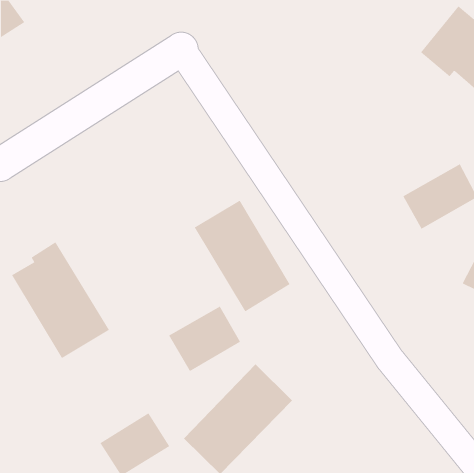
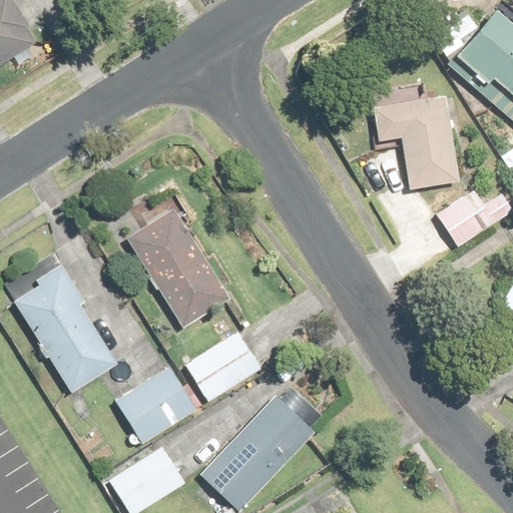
building: none -> [370,95,461,189]
building: [194,200,290,312] -> [125,207,229,329]
building: none -> [113,365,196,444]

